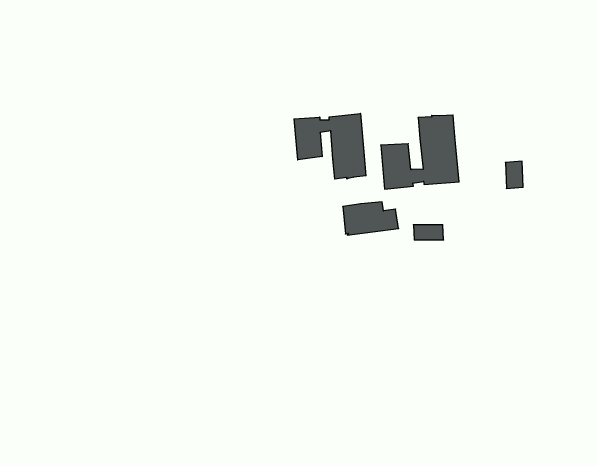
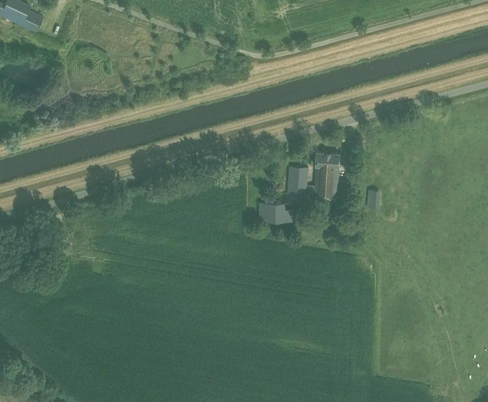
building: [294,113,366,179] -> none

